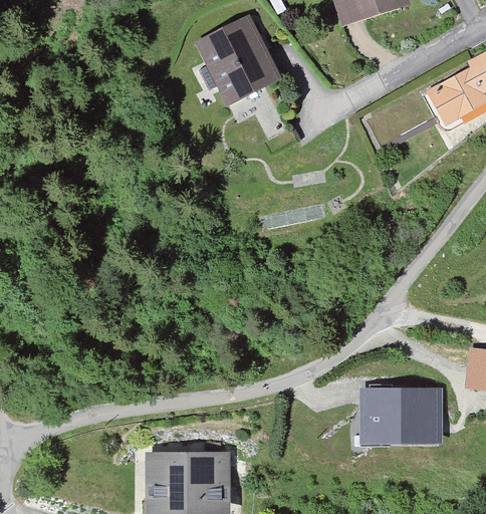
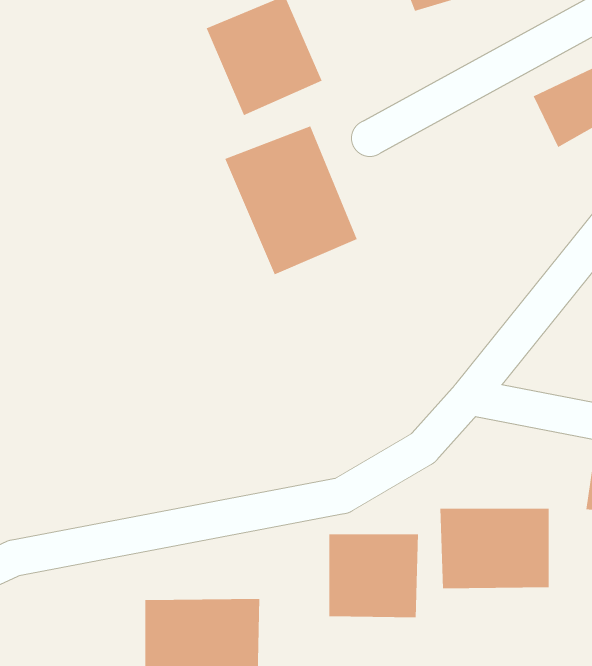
building: none -> [225,125,358,275]
building: none -> [329,533,419,618]

